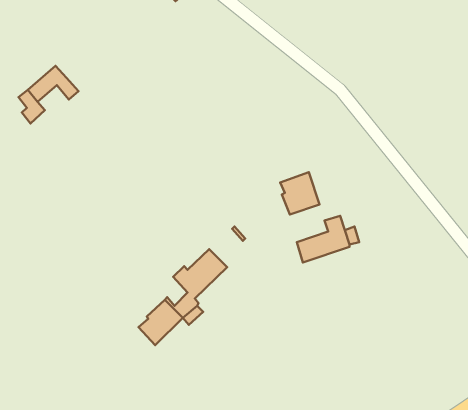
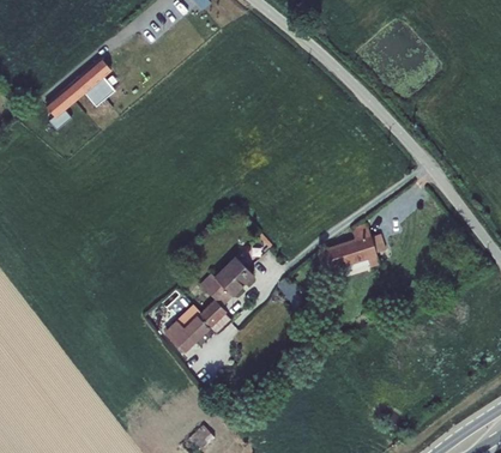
building: none -> [82,59,114,99]
building: [280,172,319,214] -> none

